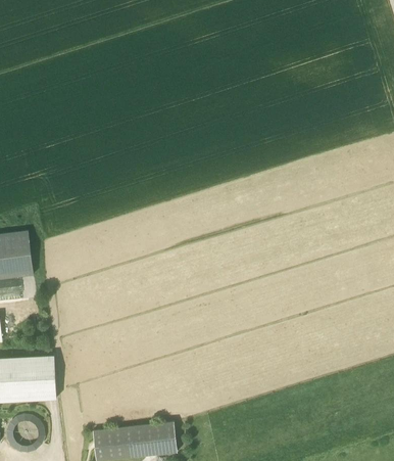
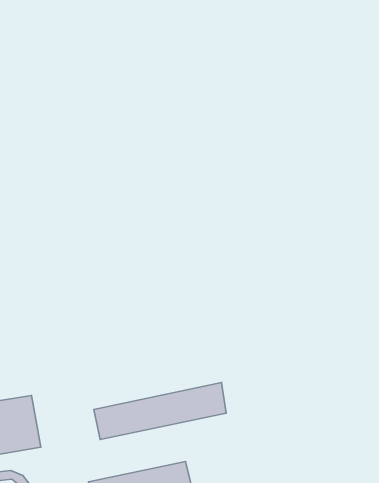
building: none -> [94,382,226,440]

